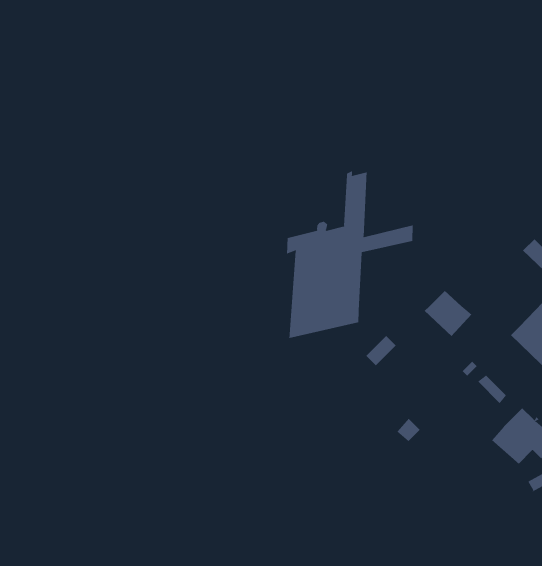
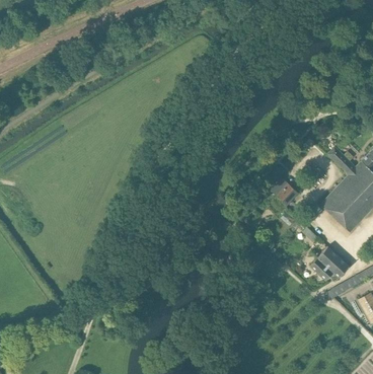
building: [287,170,413,339] -> none

